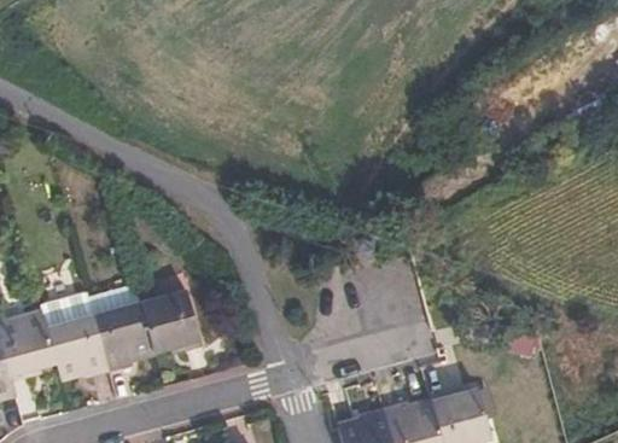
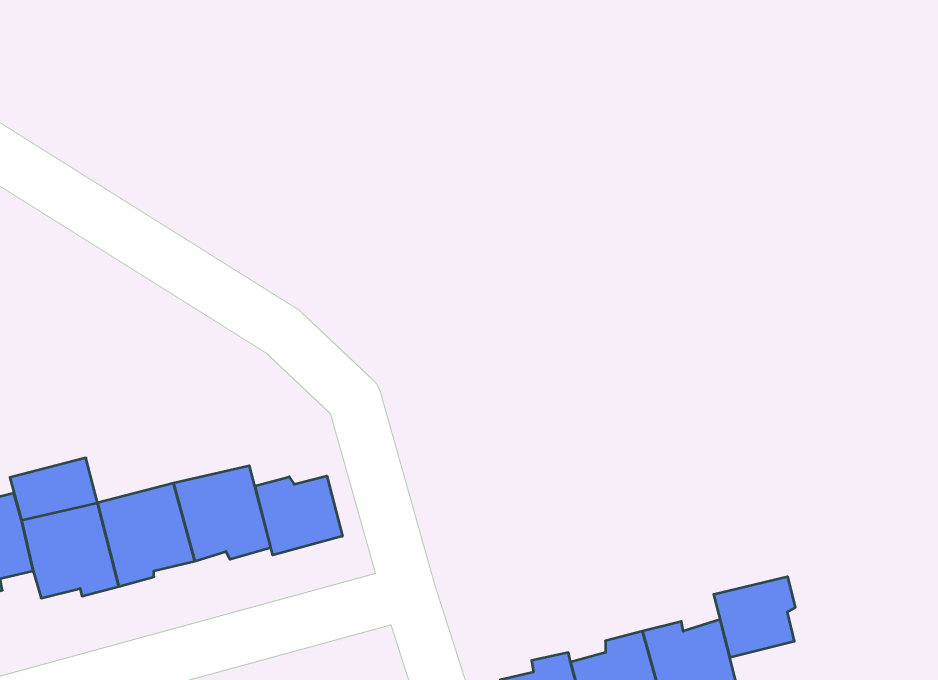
building: none -> [255,476,342,555]
building: none -> [714,577,795,657]

